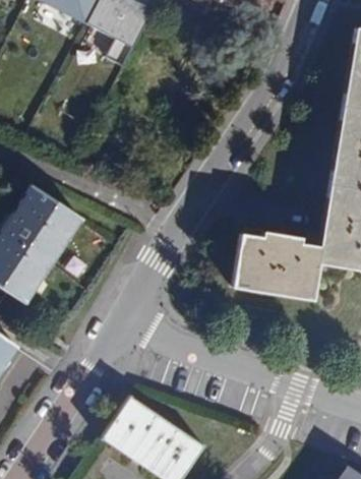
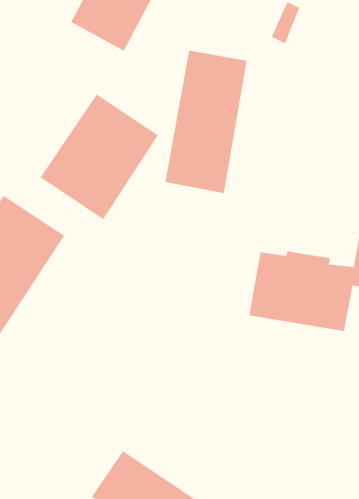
building: none -> [165,50,248,194]
building: none -> [40,93,159,220]

